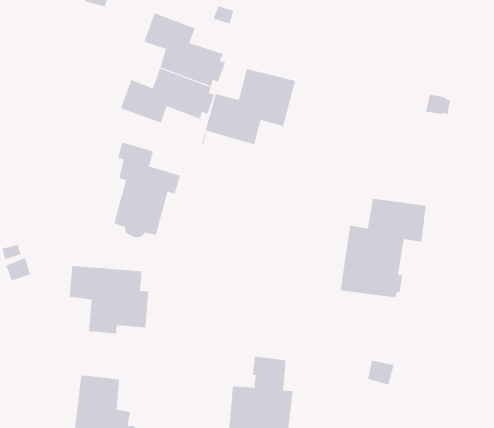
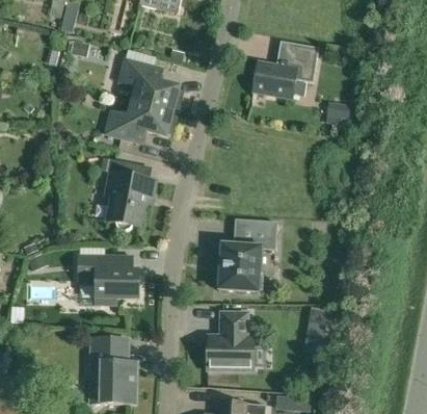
building: [201,68,296,145] -> [250,41,318,101]
building: [340,198,427,298] -> [217,219,277,293]

